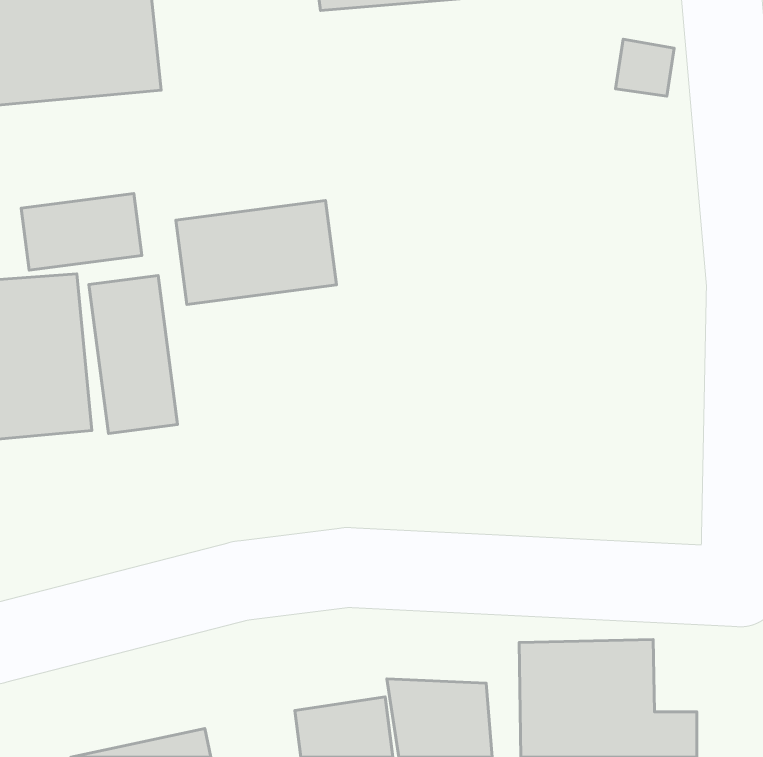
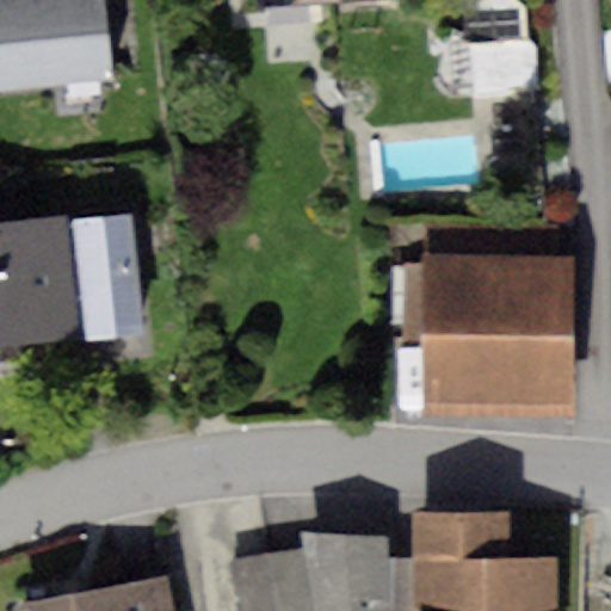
building: [21,193,142,270] -> none
building: [176,200,337,304] -> none
building: none -> [425,271,566,413]

